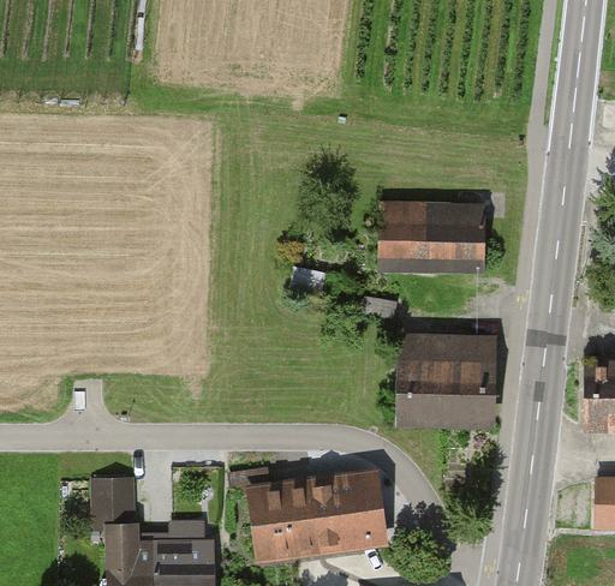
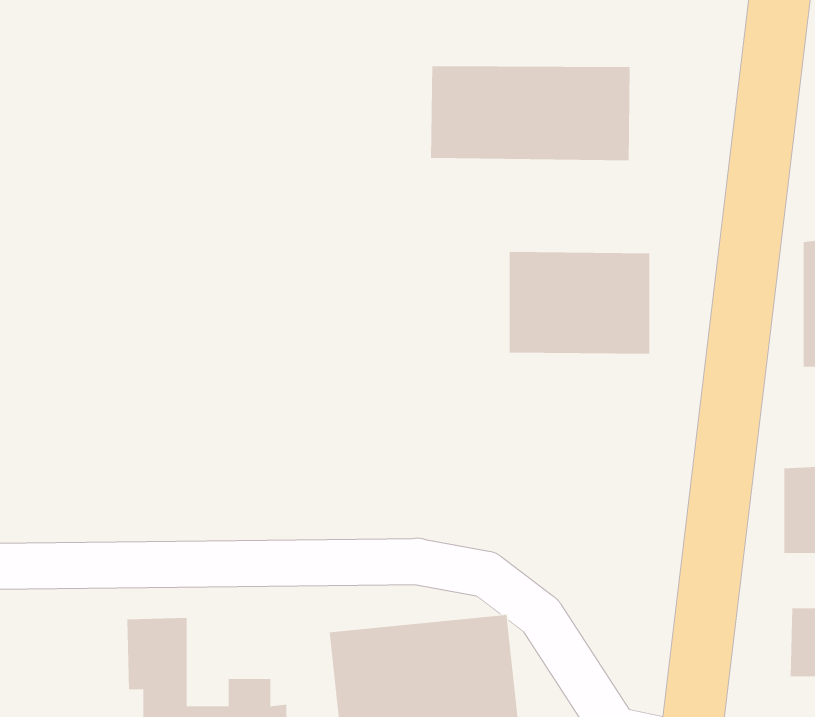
building: none -> [431,65,630,161]
building: [398,335,497,429] -> none

